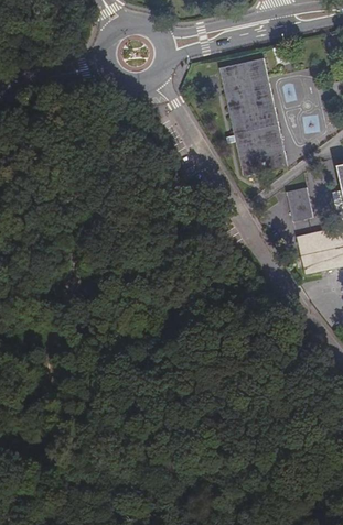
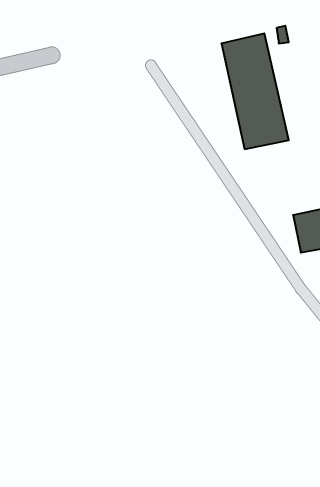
building: [285,192,310,222] -> none

